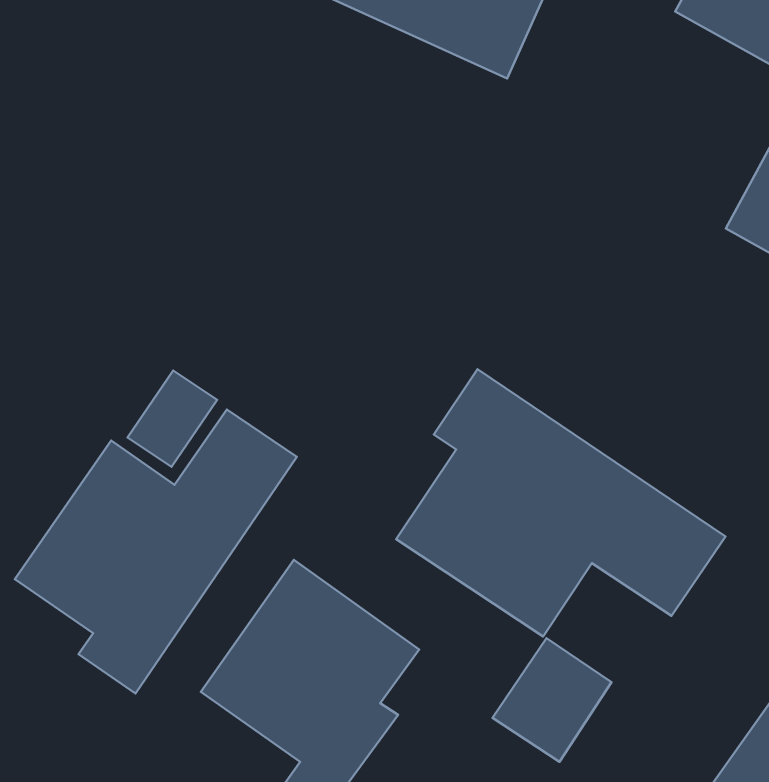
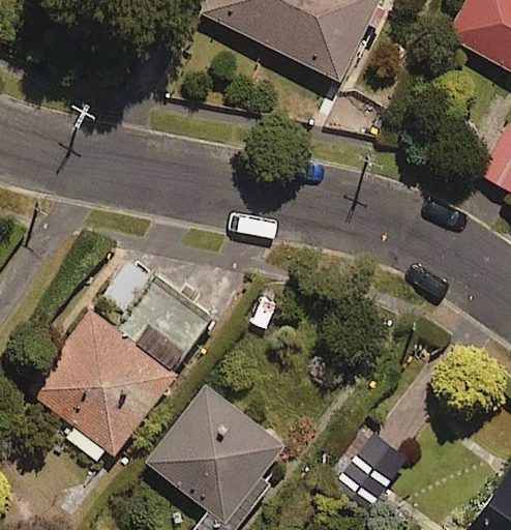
building: [396,369,726,636] -> none

